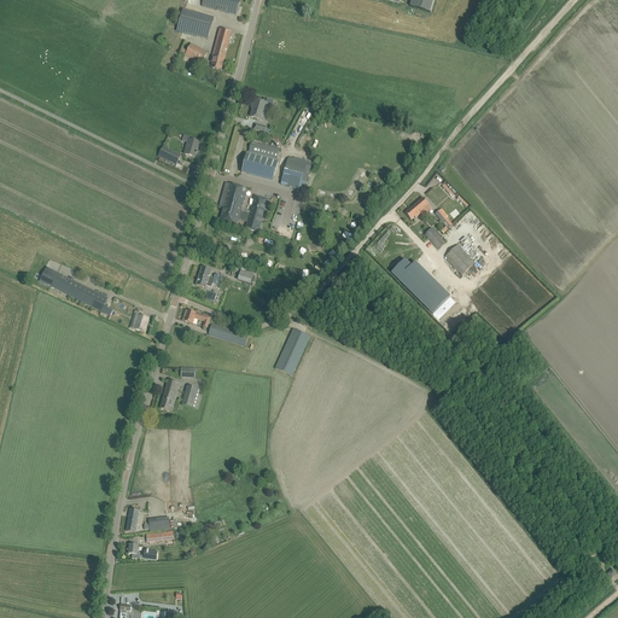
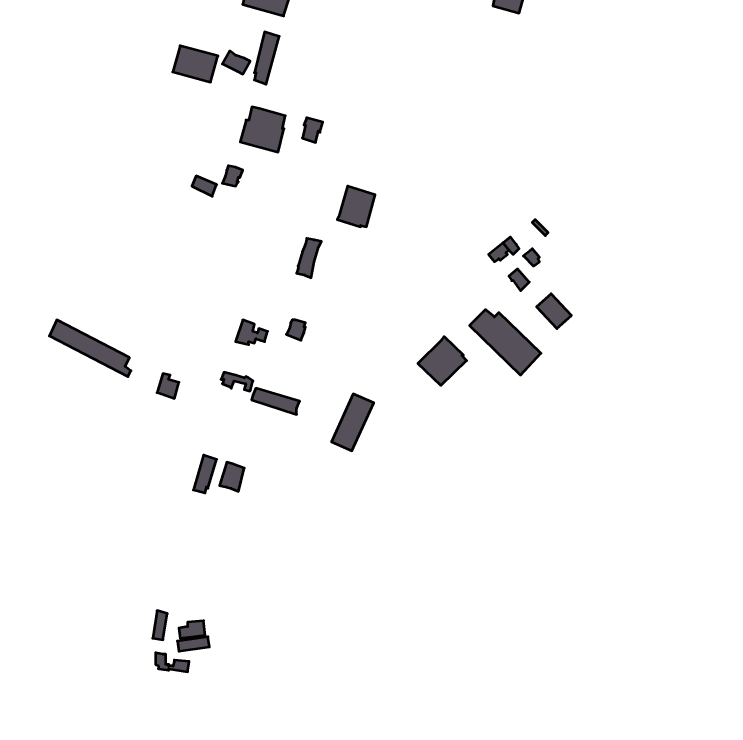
building: [176,7,214,37] -> [173,46,218,82]
building: [241,141,279,179] -> [240,107,285,152]
building: [218,181,246,223] -> none
building: none -> [418,337,467,385]

